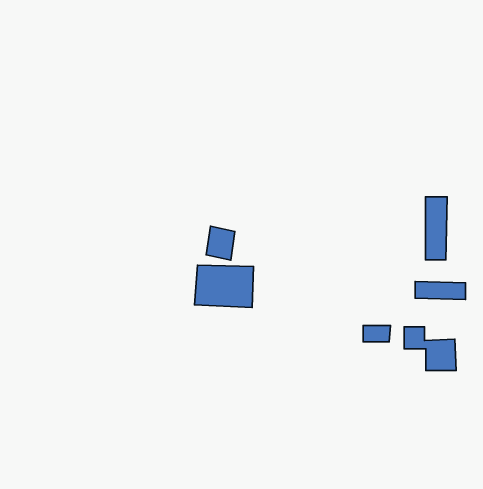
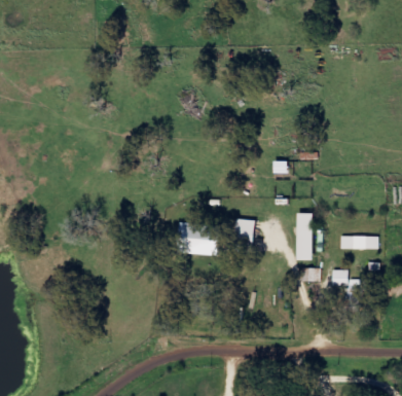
building: [425,197,447,260] -> [295,213,312,260]
building: [206,226,235,260] -> [232,217,254,243]

